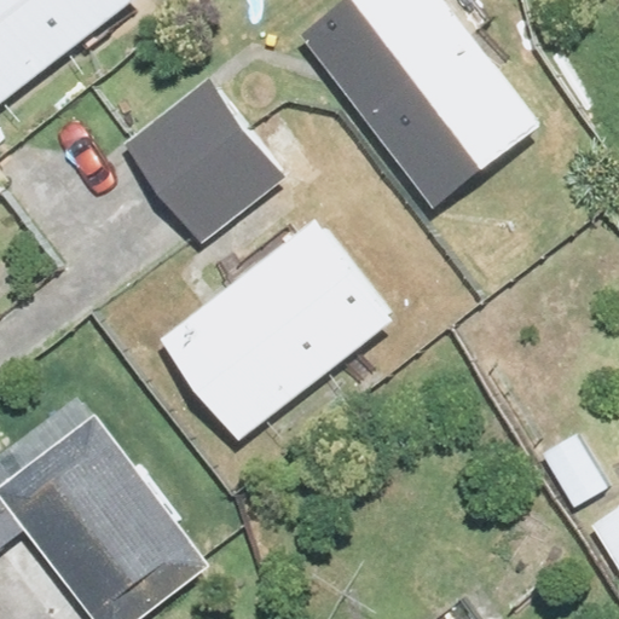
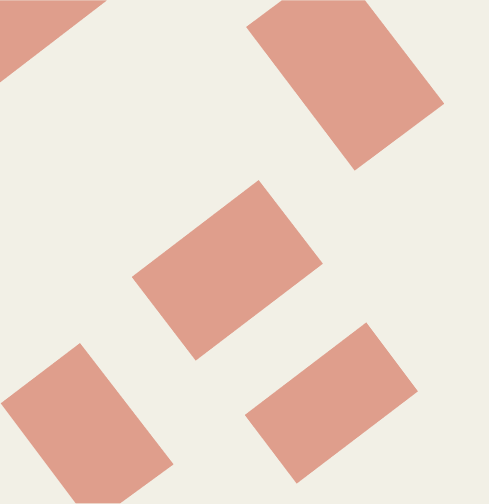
building: [120,76,287,245] -> none
building: none -> [244,321,419,485]

